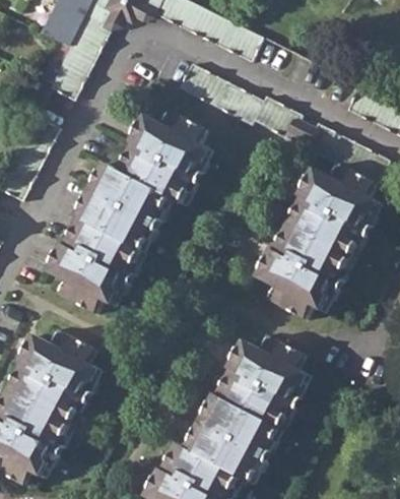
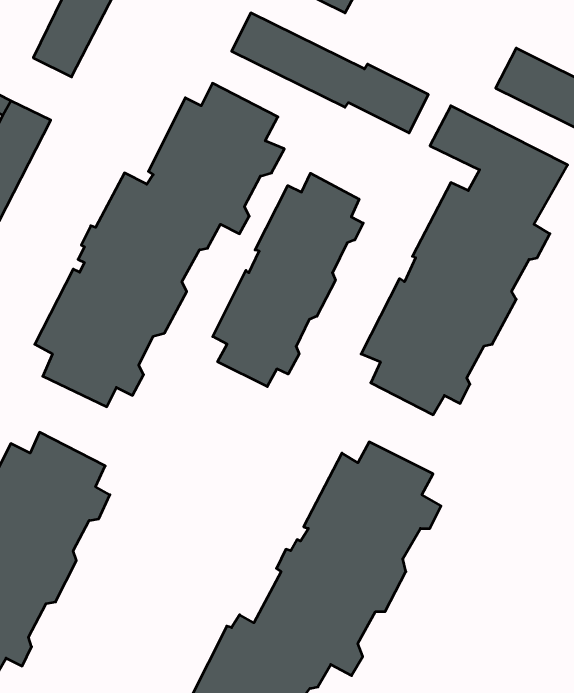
building: none -> [213,173,363,387]

